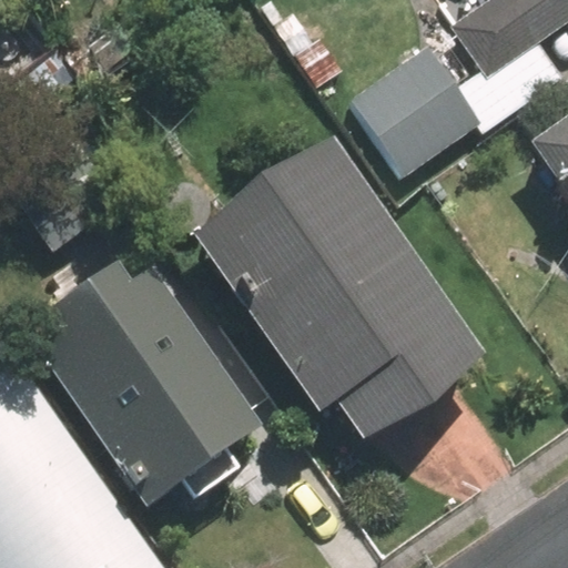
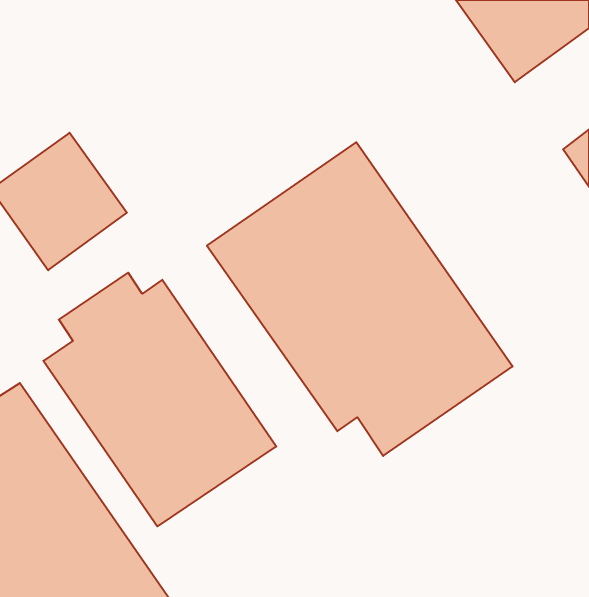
building: [344,50,476,180] -> none

